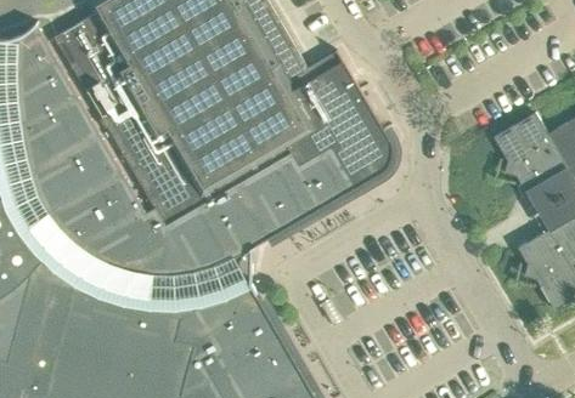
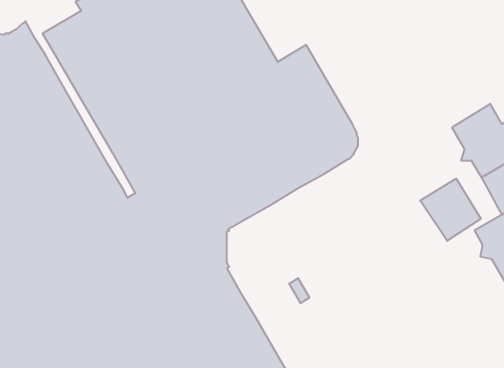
building: none -> [420,179,481,241]

